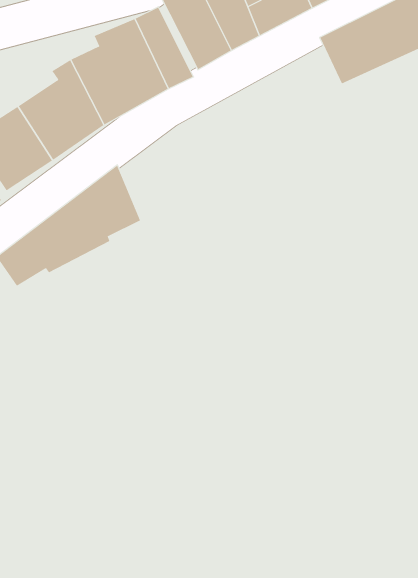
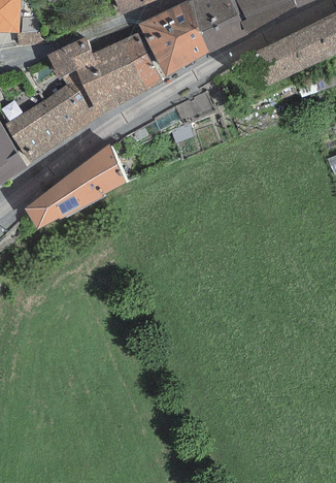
building: none -> [46,36,95,79]

